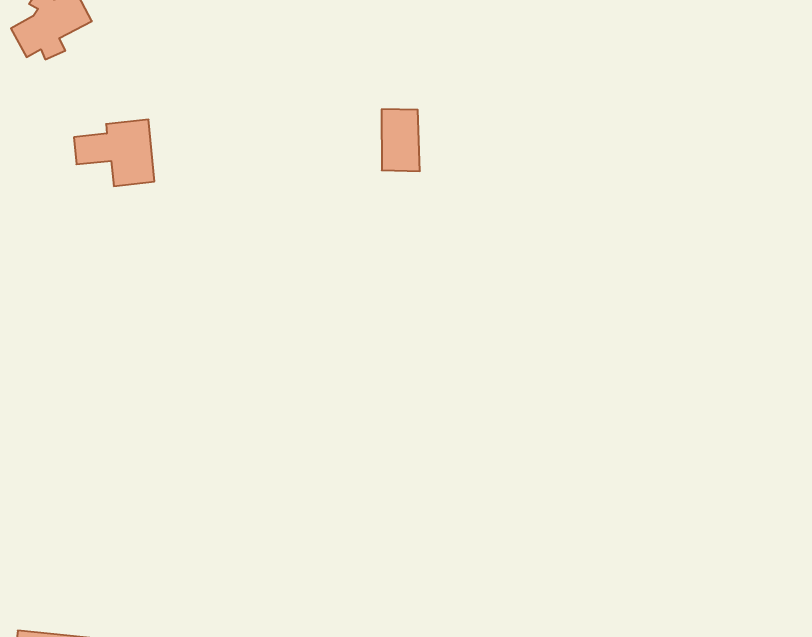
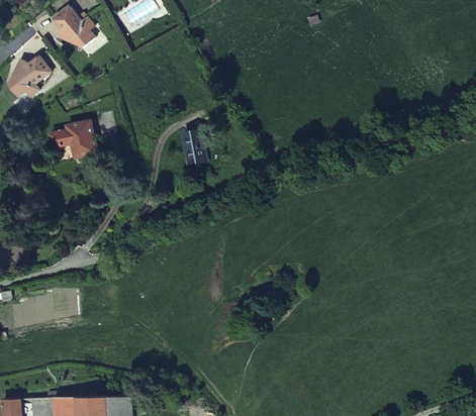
building: [382,109,420,171] -> [179,126,203,161]

